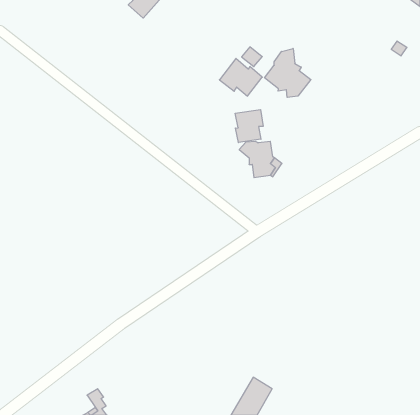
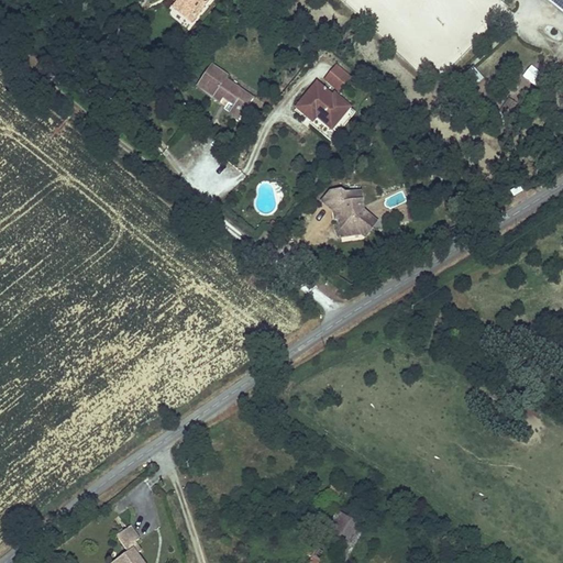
building: none -> [196,60,261,122]
building: [265,48,311,97] -> none
building: [235,110,263,143] -> none

